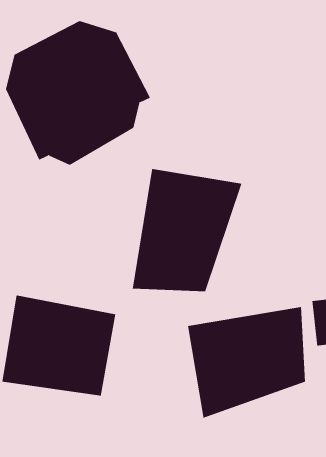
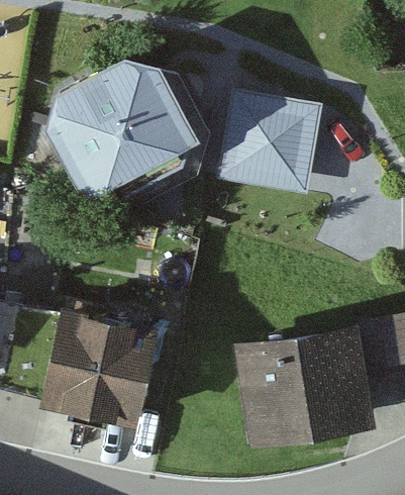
building: none -> [218,89,318,190]
building: [132,168,242,292] -> none

